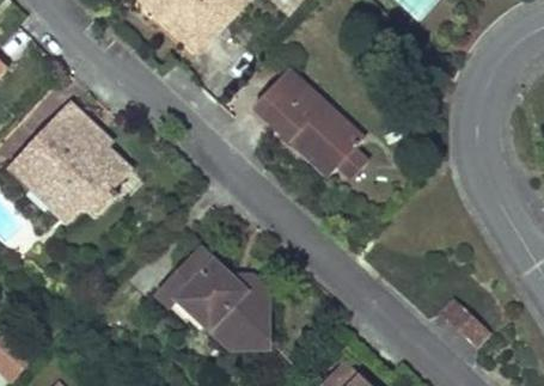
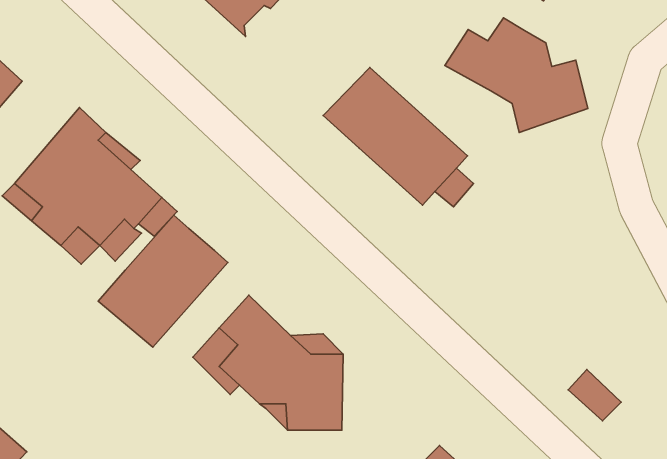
building: none -> [445,18,588,132]
building: none -> [98,215,228,347]

